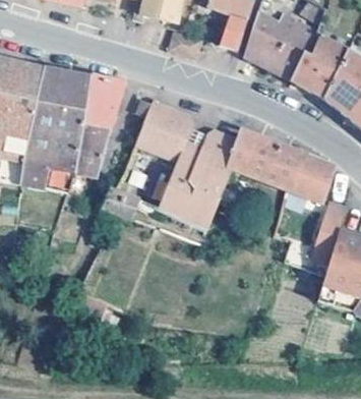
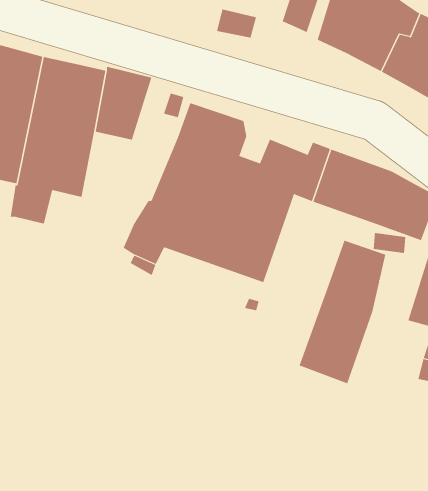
building: [73,122,110,175] -> none
building: none -> [299,240,386,384]

